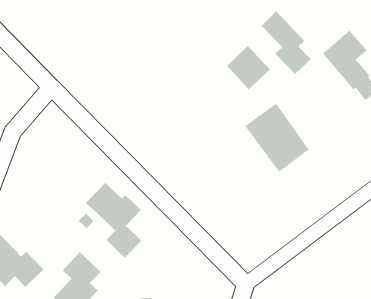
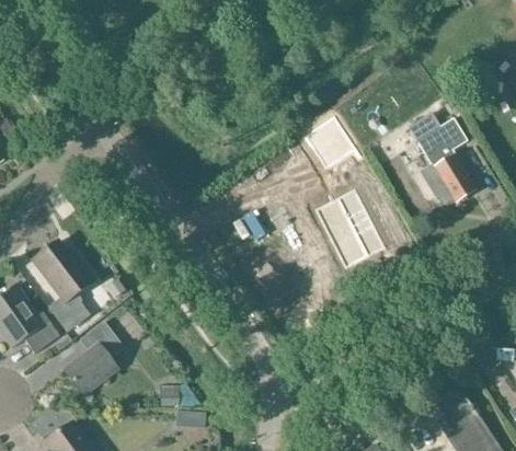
building: [261,10,311,75] -> none
building: [85,182,142,259] -> [32,241,95,332]

